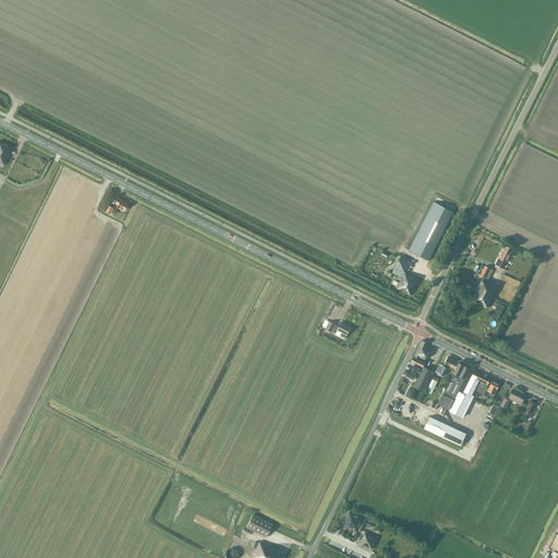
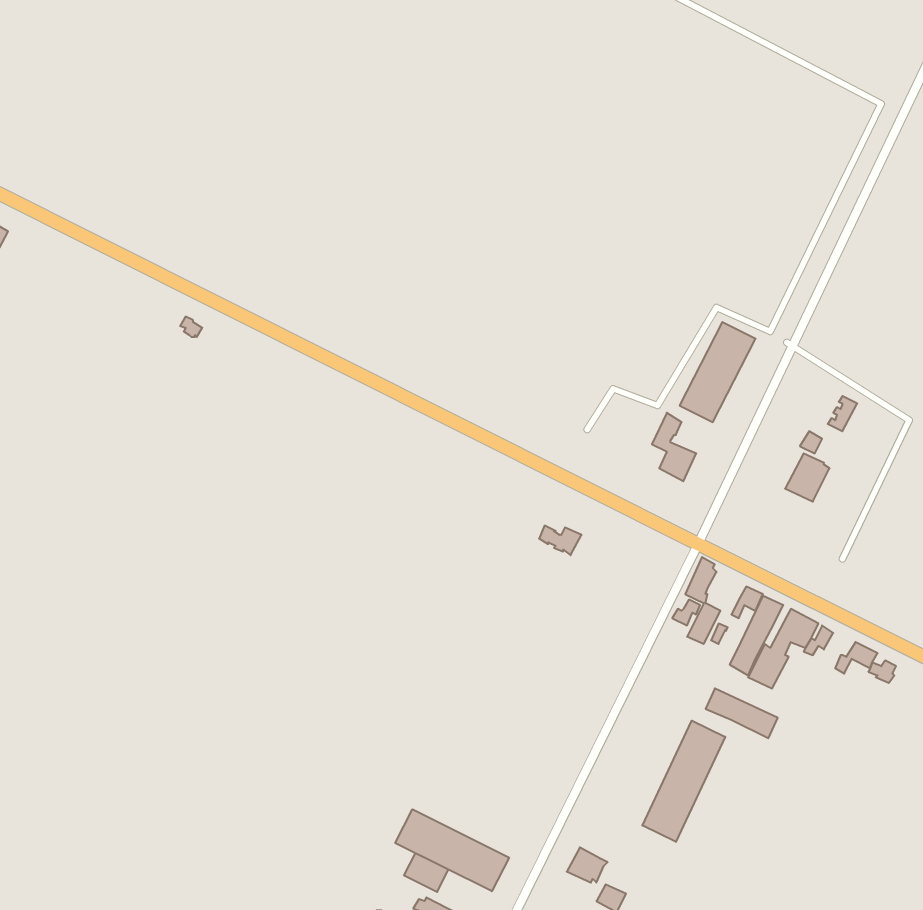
building: none -> [642,721,725,842]
building: none -> [395,809,509,891]

